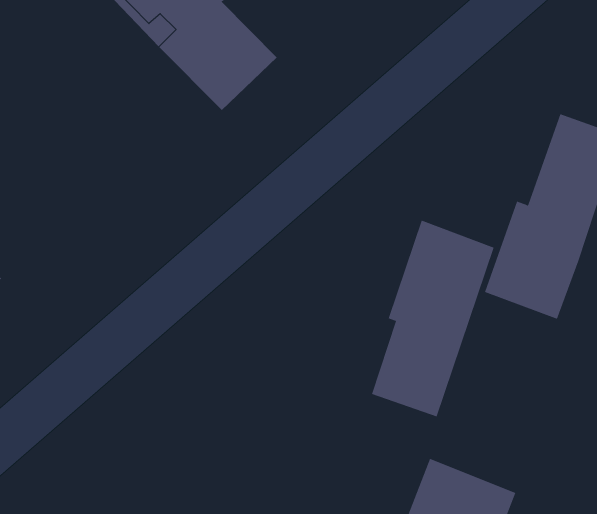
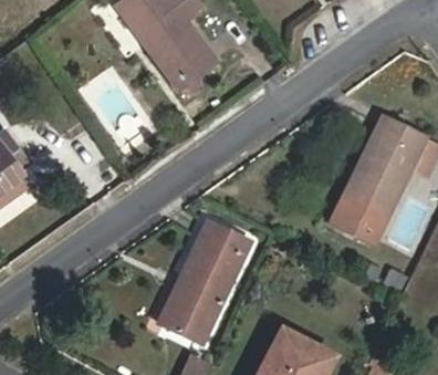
building: [371,220,495,417] -> [164,219,251,344]

